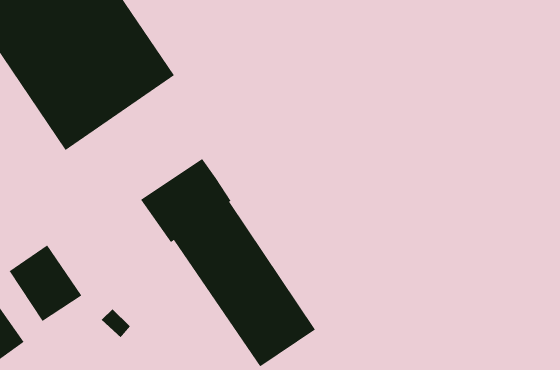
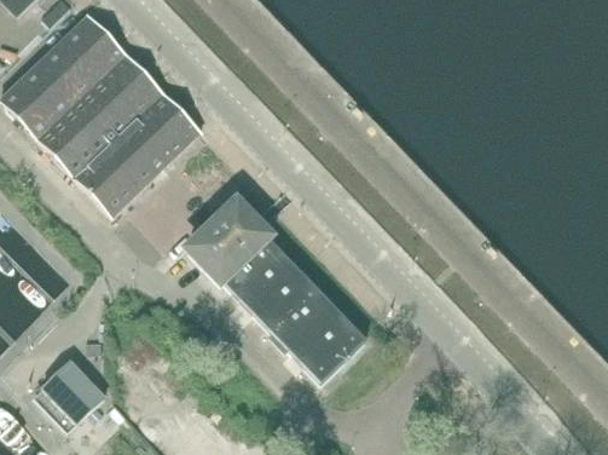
building: [9,244,82,322] -> none

